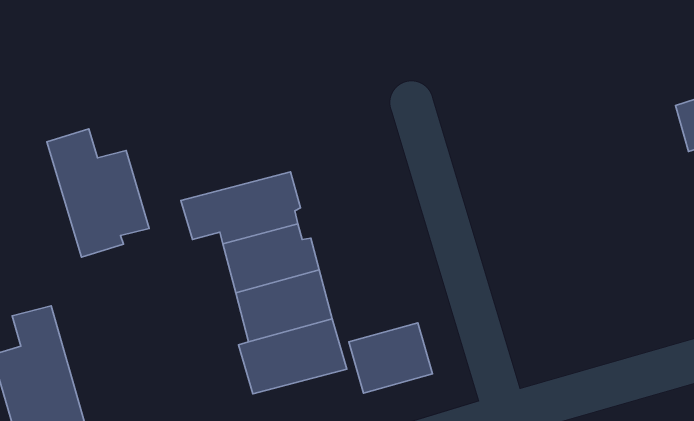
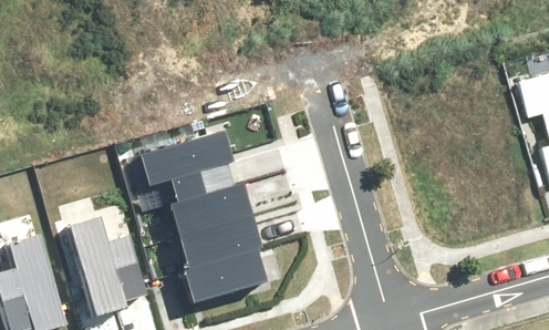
building: [47,129,149,257] -> [68,217,146,316]
building: [349,323,432,393] -> none

